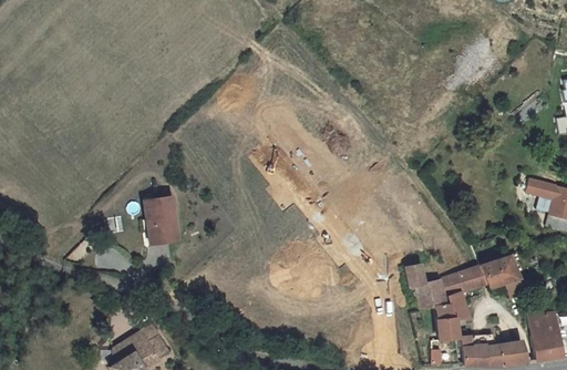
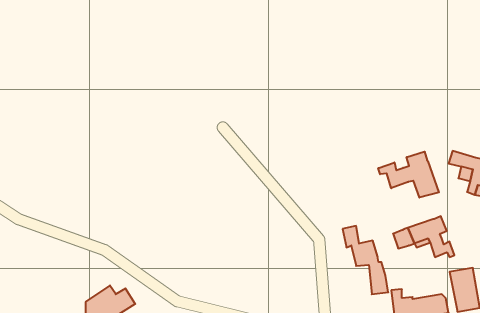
building: none -> [378,152,439,198]
building: [144,195,175,244] -> none
building: [442,271,470,319] -> none

